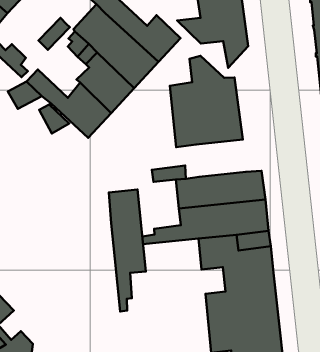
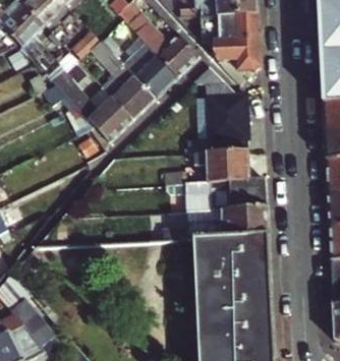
building: none -> [209,152,252,183]
building: [109,189,146,312] -> none

